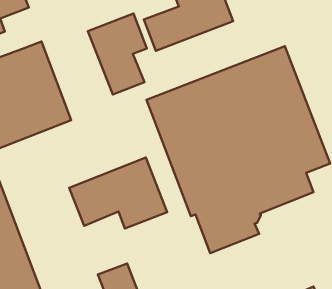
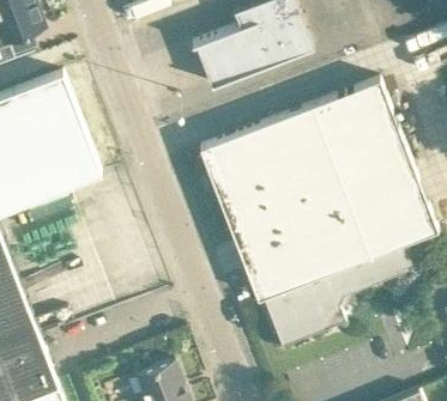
building: [88,13,147,95] -> none
building: [69,157,167,229] -> none

